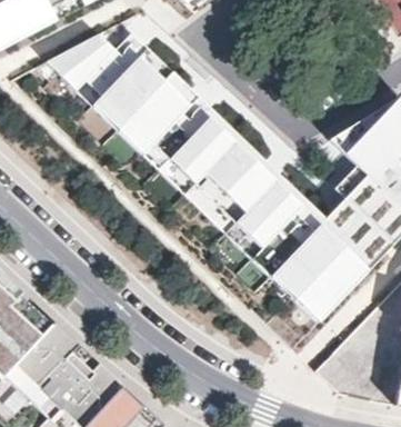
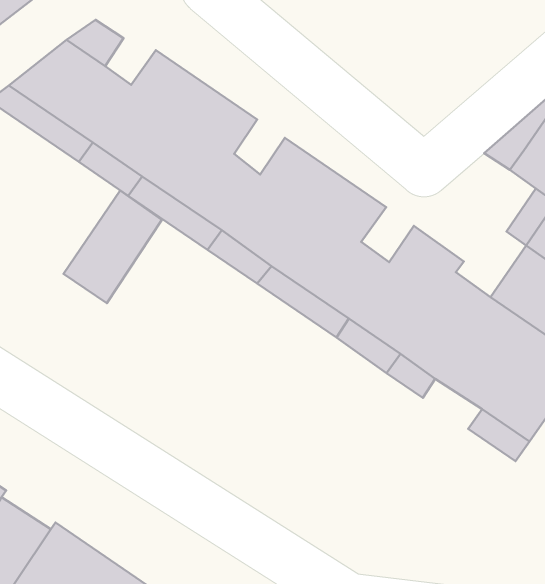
building: none -> [64,190,162,303]

